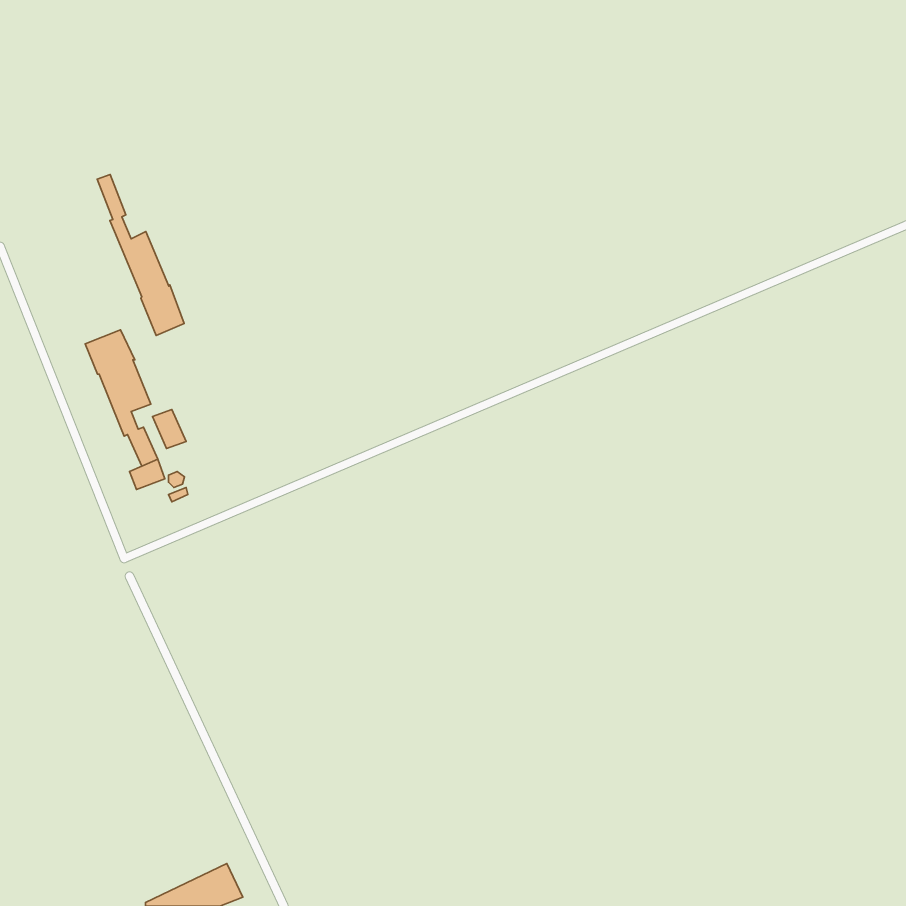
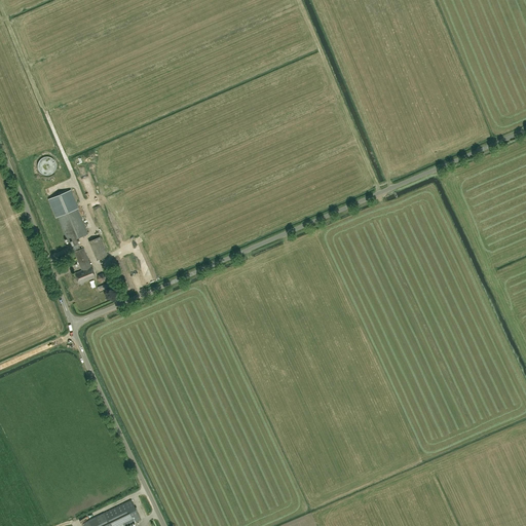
building: [97,175,184,335] -> none

